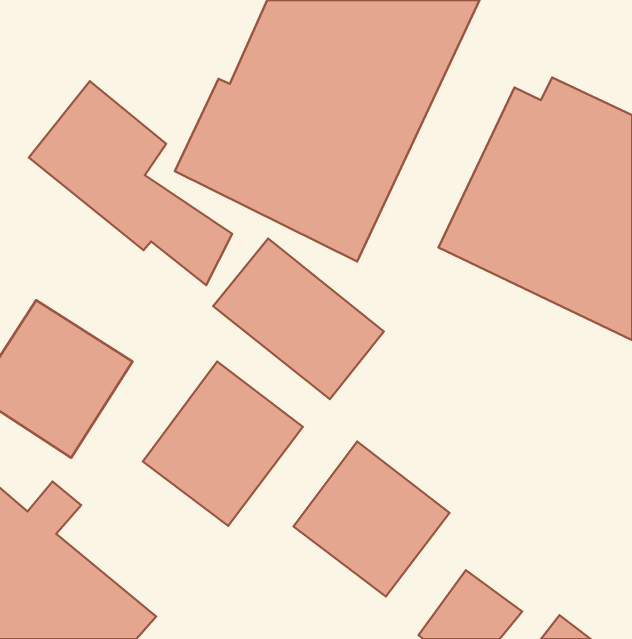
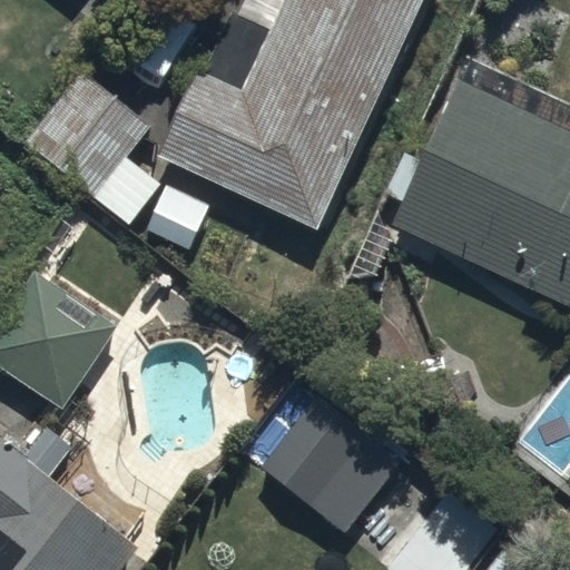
building: [213,239,384,399] -> none
building: [143,361,303,526] -> none

